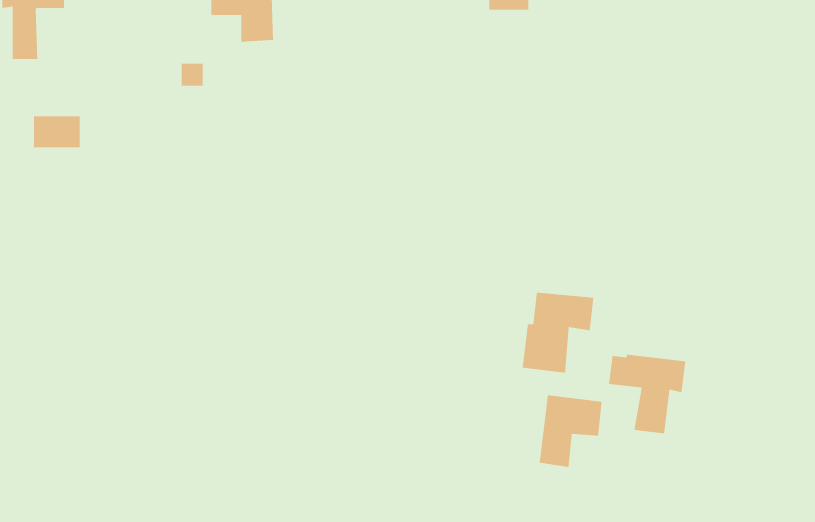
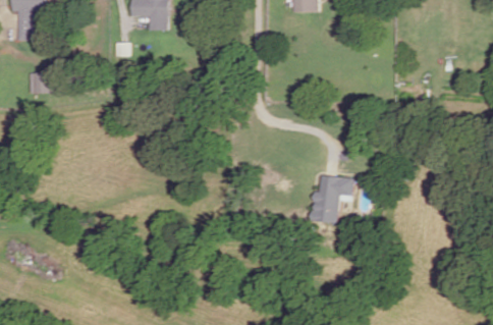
building: [609,354,686,434] -> none
building: [539,394,602,468] -> none

